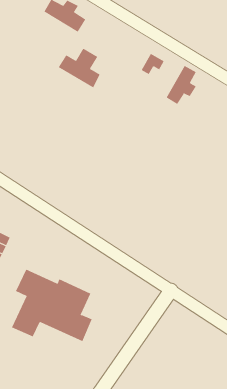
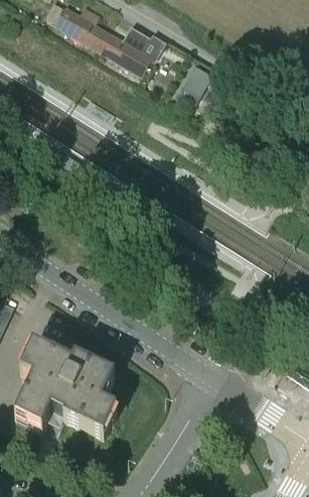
building: [58,48,101,88] -> [99,24,152,75]
building: [166,65,197,105] -> none

